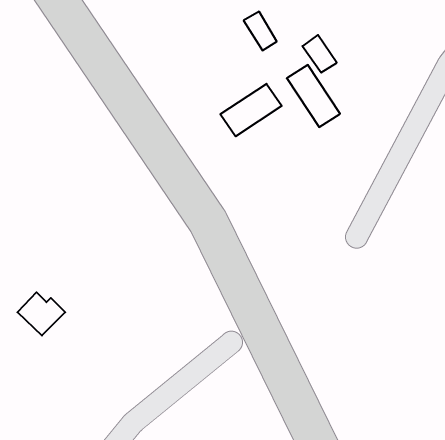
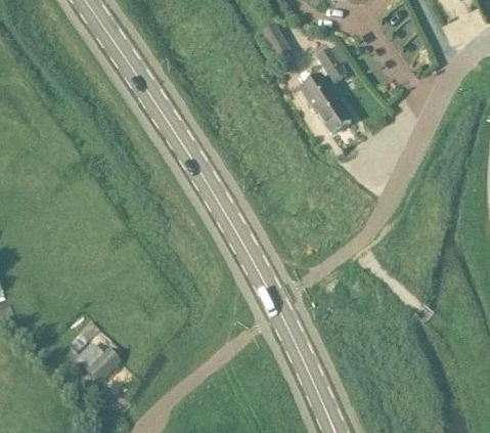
building: [220,84,282,136] -> none
building: [17,292,65,336] -> [74,338,118,378]

